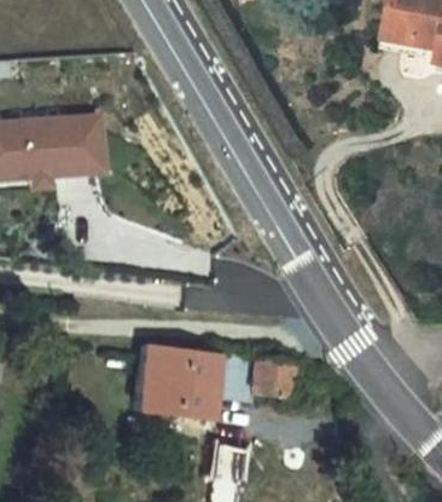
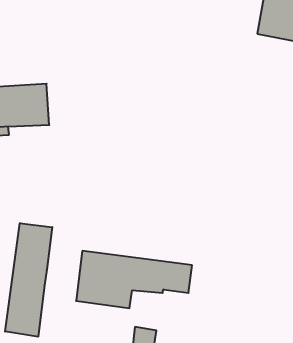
building: none -> [5,223,52,337]

